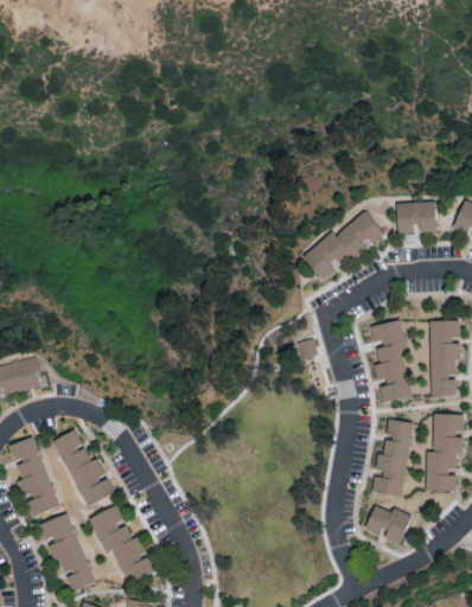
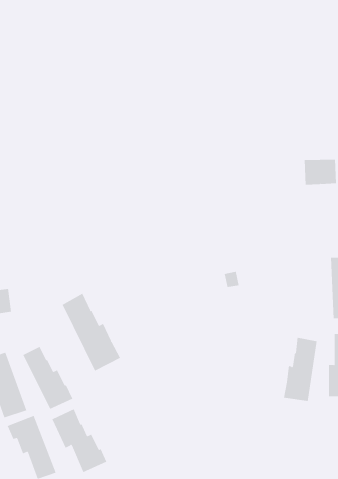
building: [302,210,384,281] -> none
building: [370,320,410,402] -> none
building: none -> [62,293,121,371]
building: [364,505,412,544] -> none

